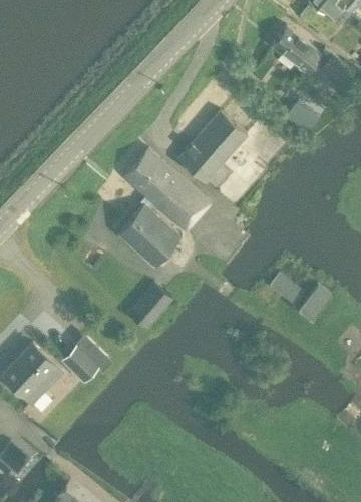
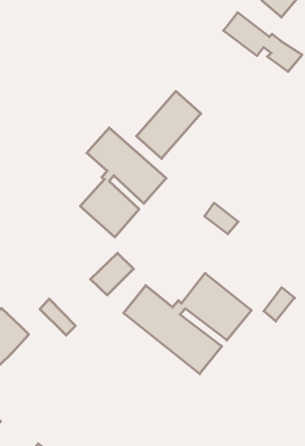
building: [269,272,305,305] -> [205,203,238,234]
building: [298,284,331,320] -> [264,288,295,321]
building: none -> [124,273,251,374]
building: [61,345,98,382] -> none

